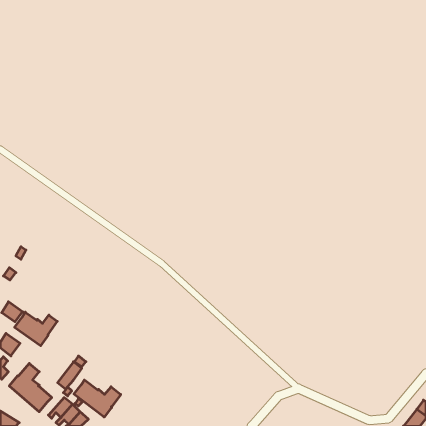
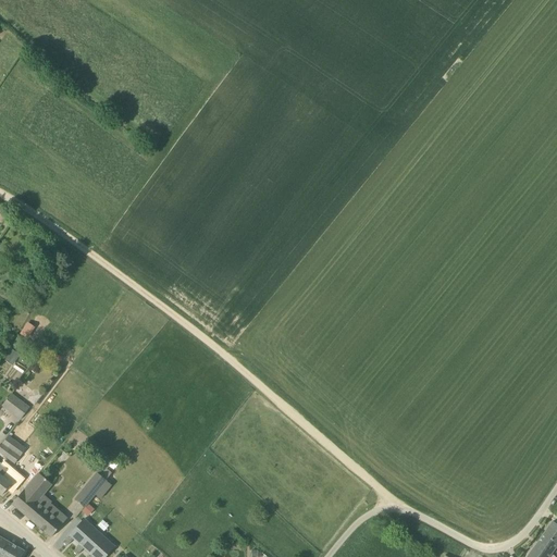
building: [15,312,57,346] -> none
building: [74,380,121,417] -> none

